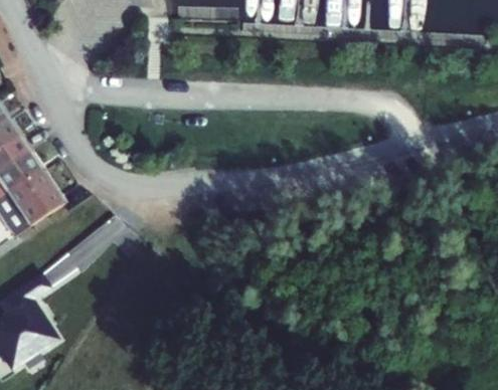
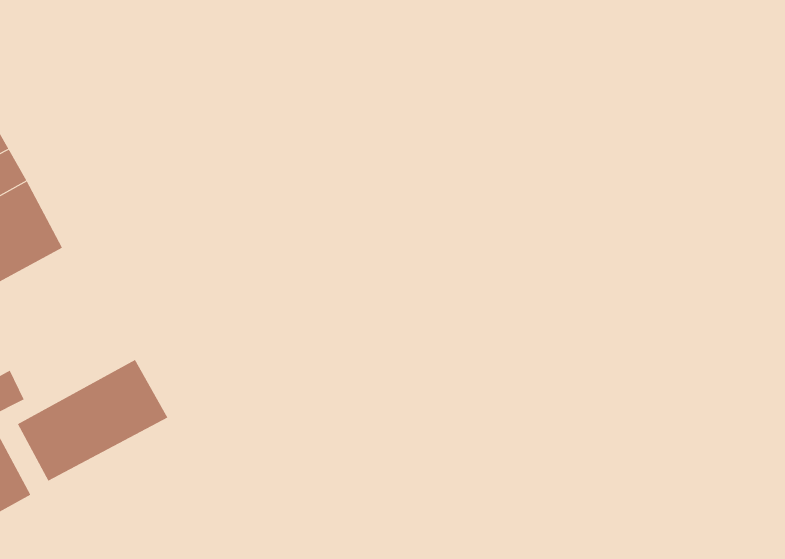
building: none -> [17,359,168,482]

